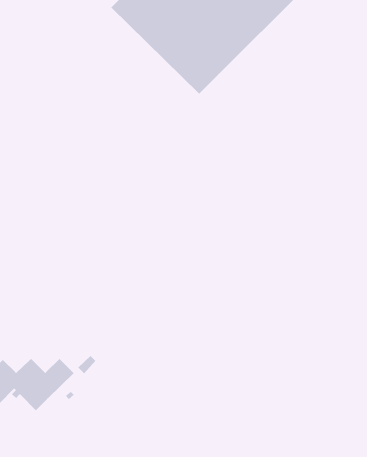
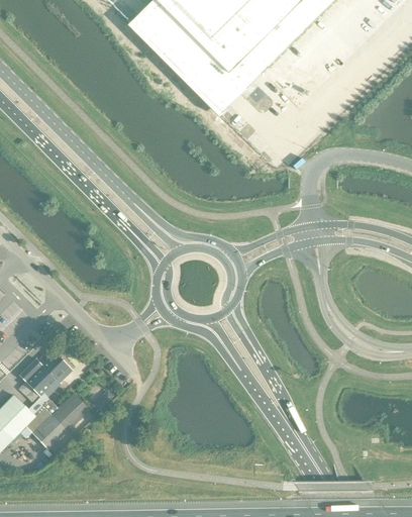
building: none -> [17,353,70,398]

